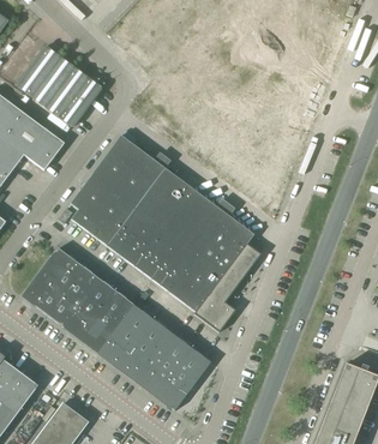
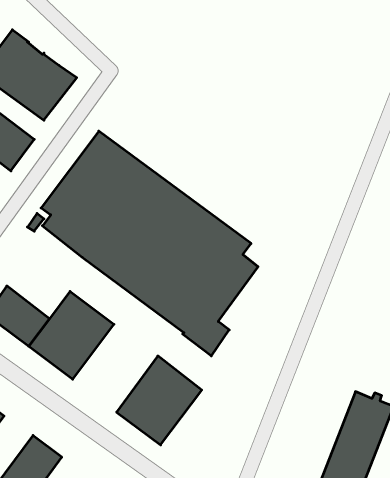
building: [41,247,96,299] -> none
building: [98,304,173,380] -> none

